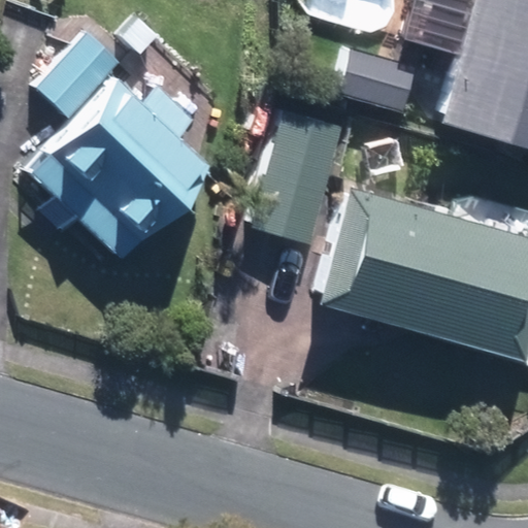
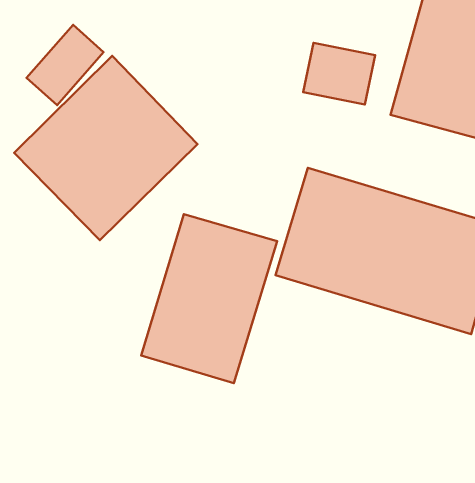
building: [250,105,349,241] -> none
building: none -> [141,214,277,383]

